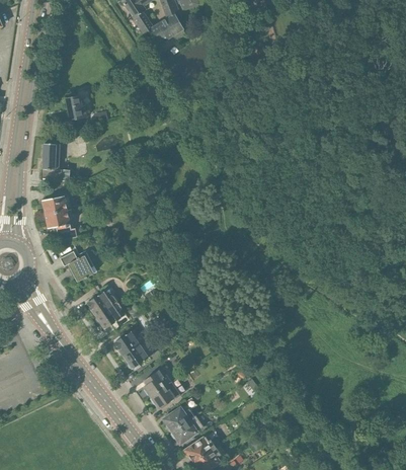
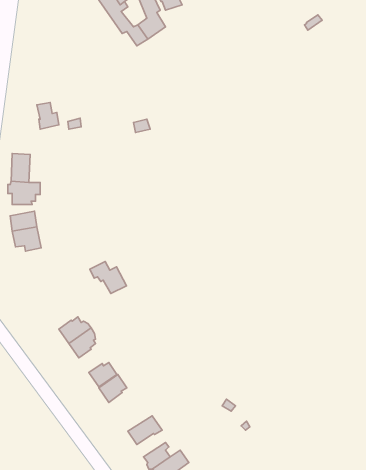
building: [60,252,93,282] -> [90,261,126,294]
building: [142,371,171,395] -> none

